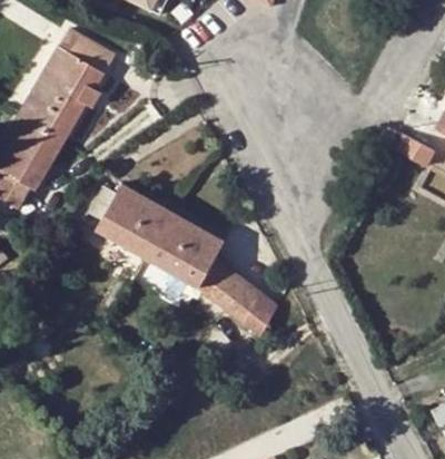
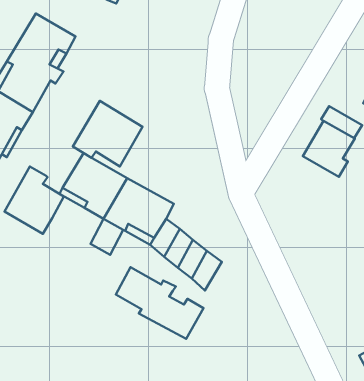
building: none -> [73,101,143,166]
building: none -> [303,121,355,177]
building: none -> [5,166,64,234]
building: none -> [116,267,203,339]

